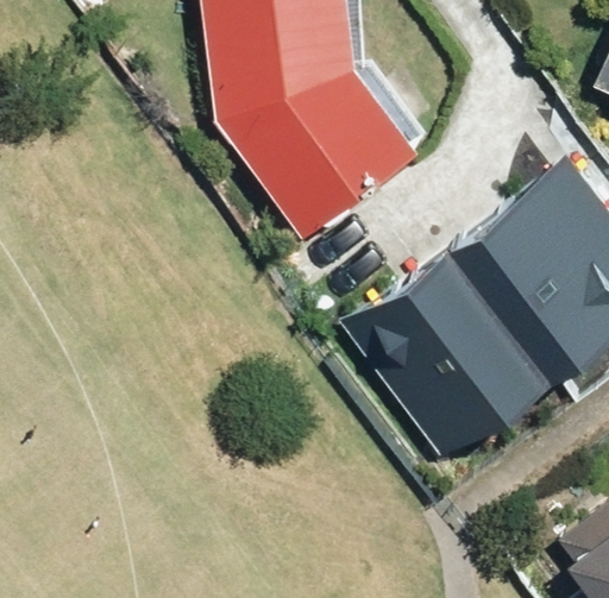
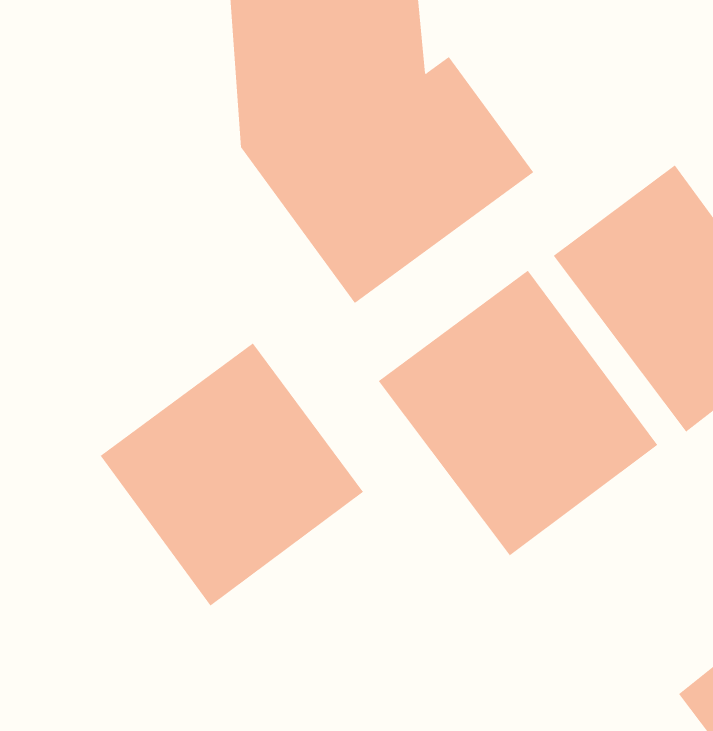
building: none -> [100,343,364,606]

